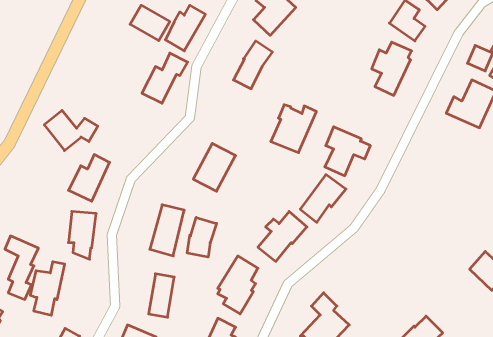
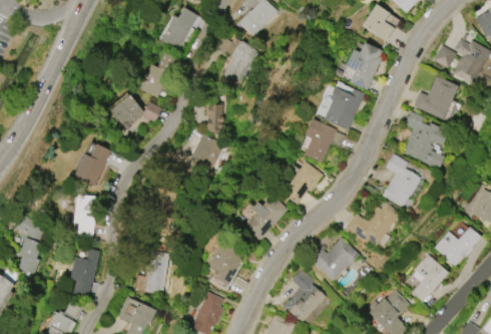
building: [130,5,170,41] -> none
building: [271,105,316,153] -> [323,87,364,130]
building: [44,110,98,151] -> [113,94,161,130]
building: none -> [205,104,222,132]
building: none -> [403,111,447,169]
building: none -> [382,153,420,207]
building: [187,217,217,257] -> none
building: none -> [346,203,400,245]
building: none -> [310,237,359,281]
building: [30,262,65,315] -> [69,249,100,297]
building: none -> [411,254,448,302]

